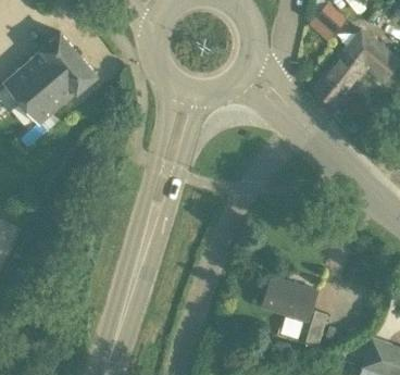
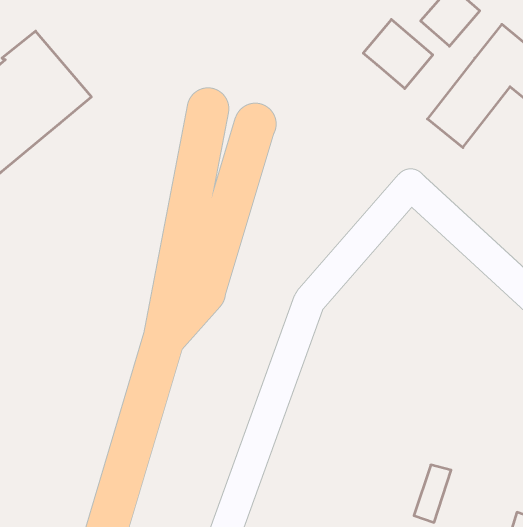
building: none -> [363,19,433,89]
building: [261,277,315,321] -> none

